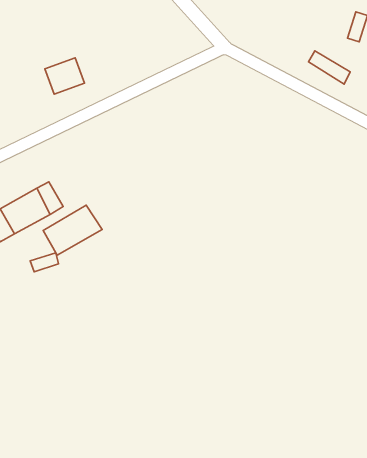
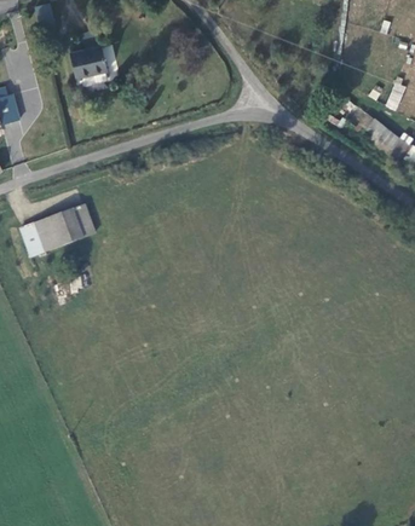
building: [45,58,85,94] -> [73,46,109,79]
building: [43,205,102,255] -> none

